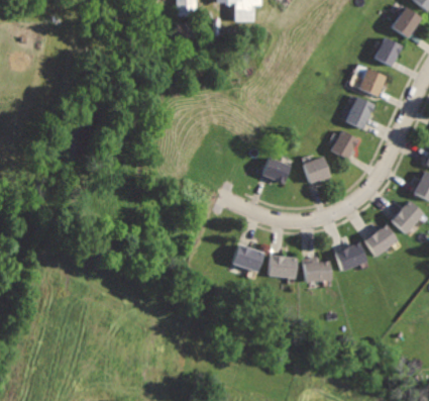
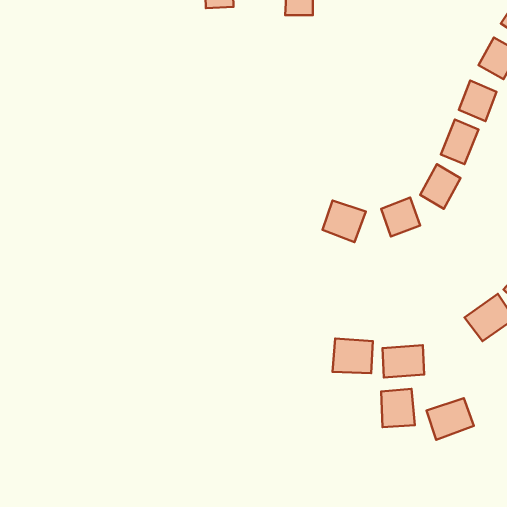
building: [334,242,368,273] -> [426,398,474,440]
building: [234,244,264,272] -> none
building: none -> [381,389,415,427]

